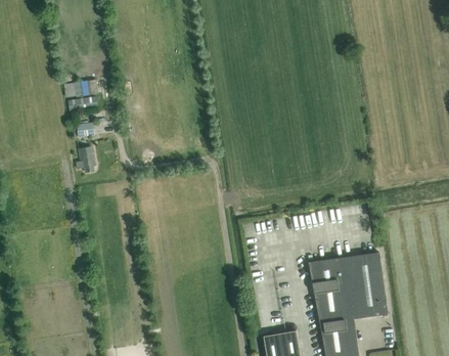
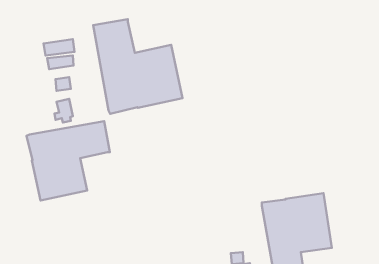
building: none -> [93,19,183,114]
building: none -> [27,121,110,200]

